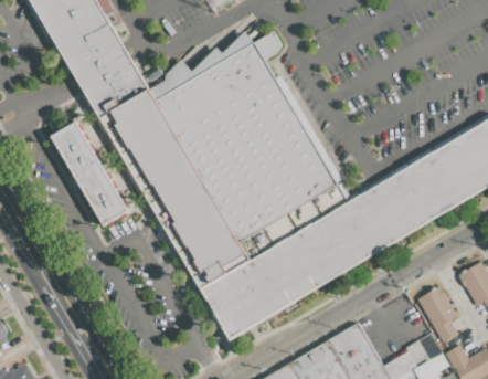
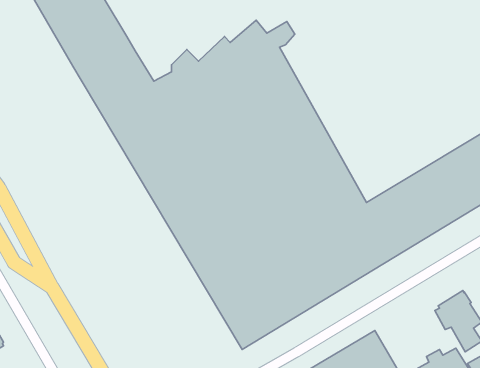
building: [51,123,129,227] -> none

